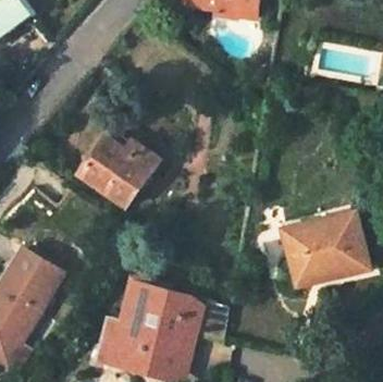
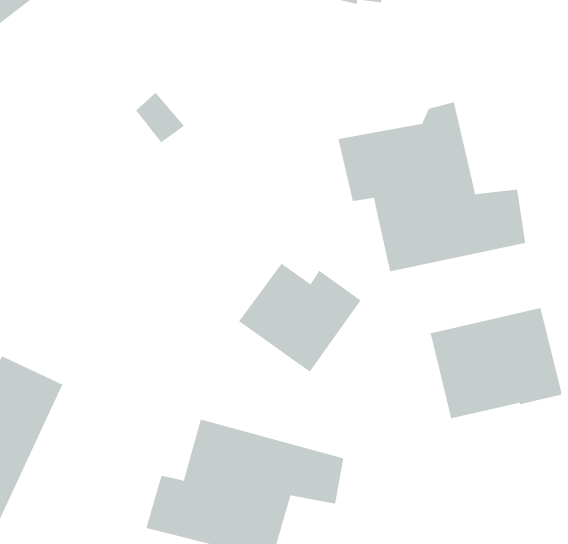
building: none -> [338,102,526,272]
building: [78,136,157,206] -> [238,263,362,373]

